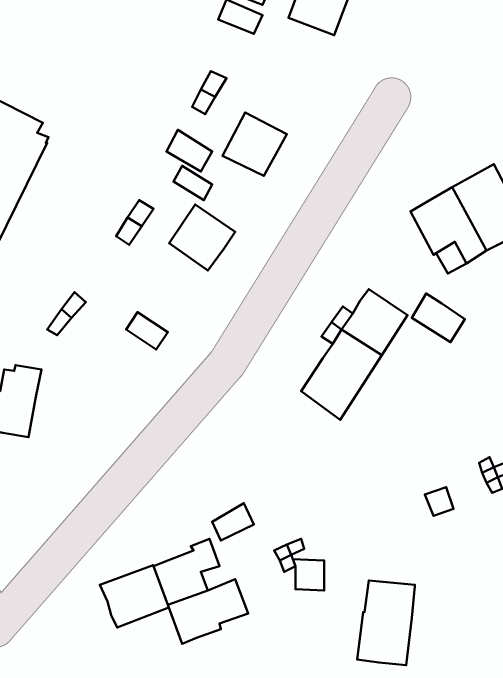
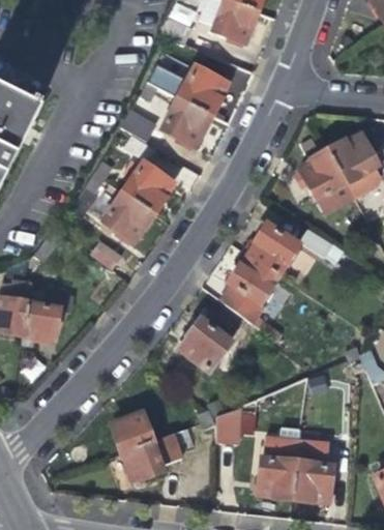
building: none -> [178,66,225,113]
building: none -> [104,192,151,240]
building: none -> [22,290,73,336]
building: none -> [178,311,236,371]
building: [100,565,169,627] -> none
building: none -> [294,439,331,500]

